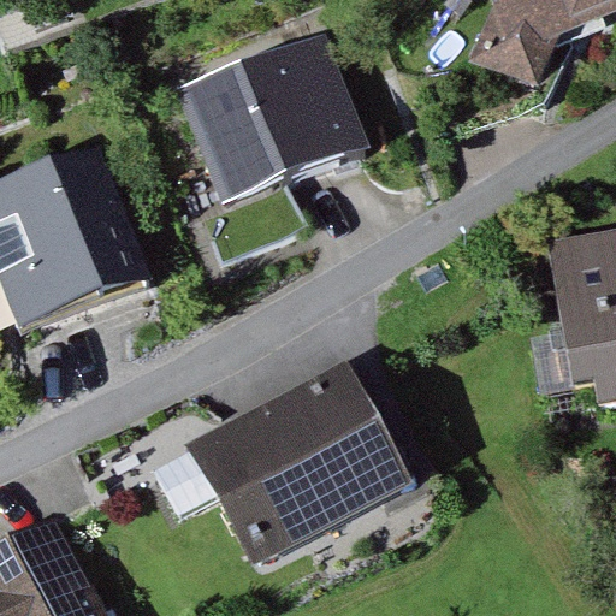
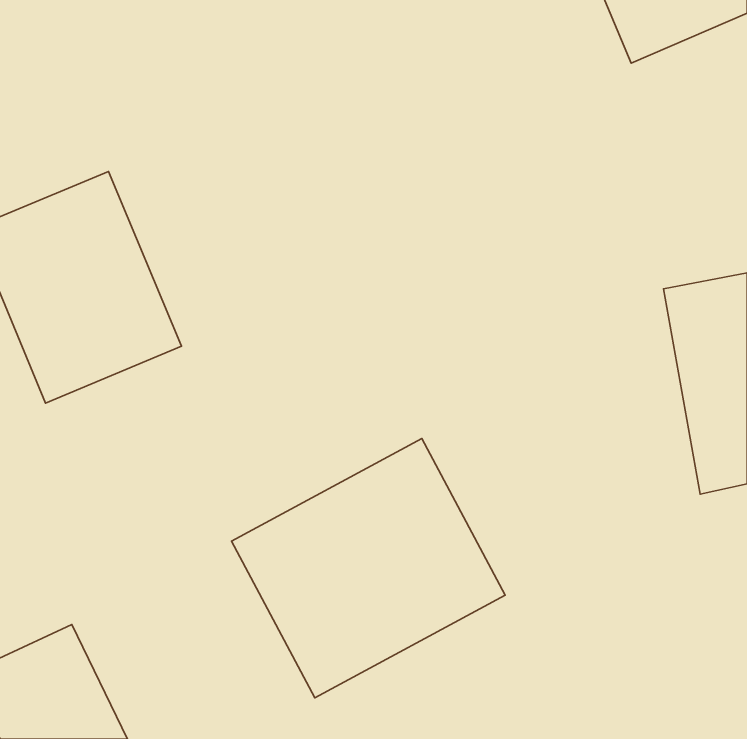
building: [176,34,363,203] -> none

